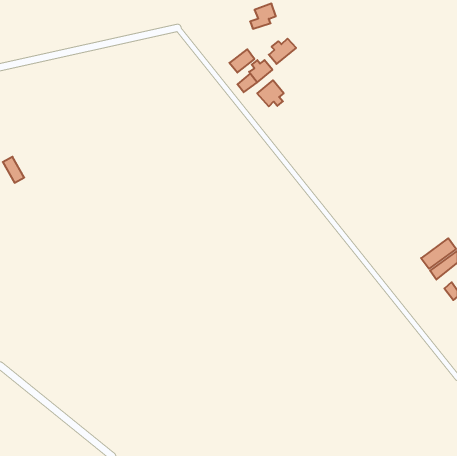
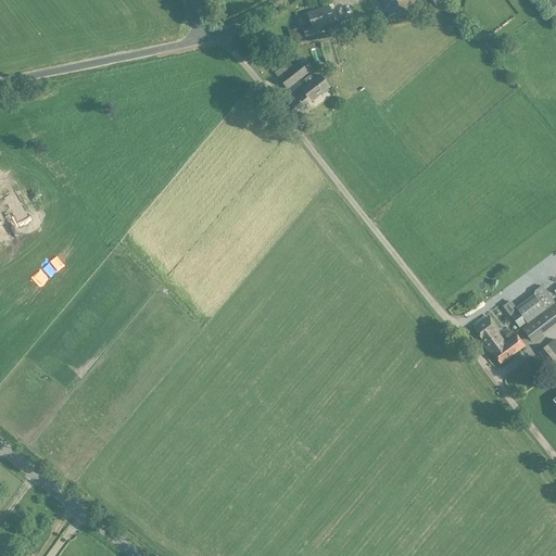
building: [269,39,296,64] -> none
building: [257,80,284,106] -> none
building: none -> [476,315,526,362]

